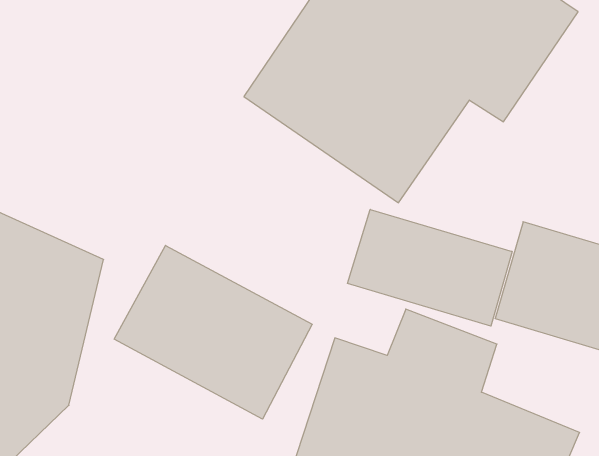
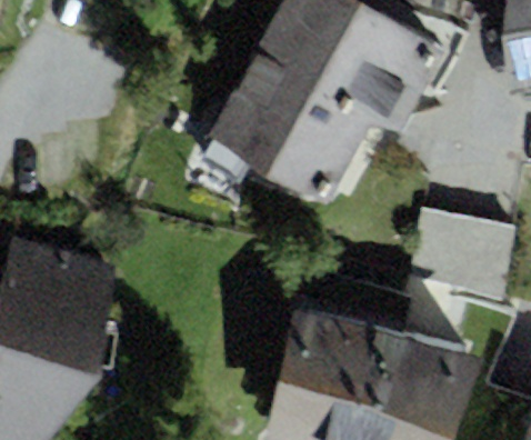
building: [348,209,512,326] -> none
building: [114,245,312,419] -> none

